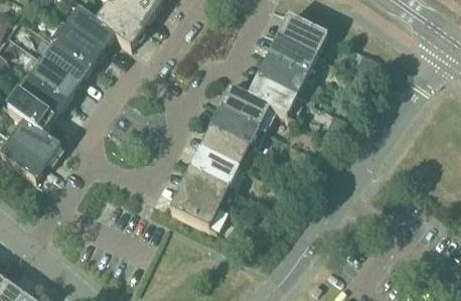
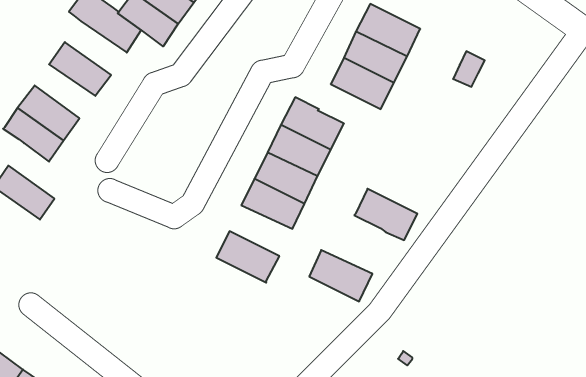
building: [51,21,104,66] -> none
building: [33,58,80,100] -> none
building: [250,73,298,113] -> [354,189,417,240]
building: [13,119,61,161] -> none
building: [182,166,231,205] -> [309,250,372,301]

